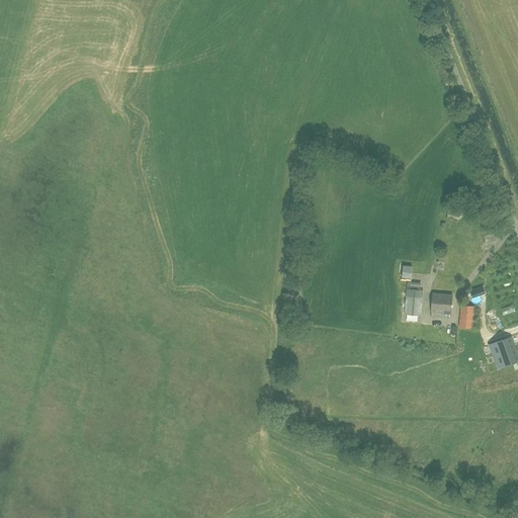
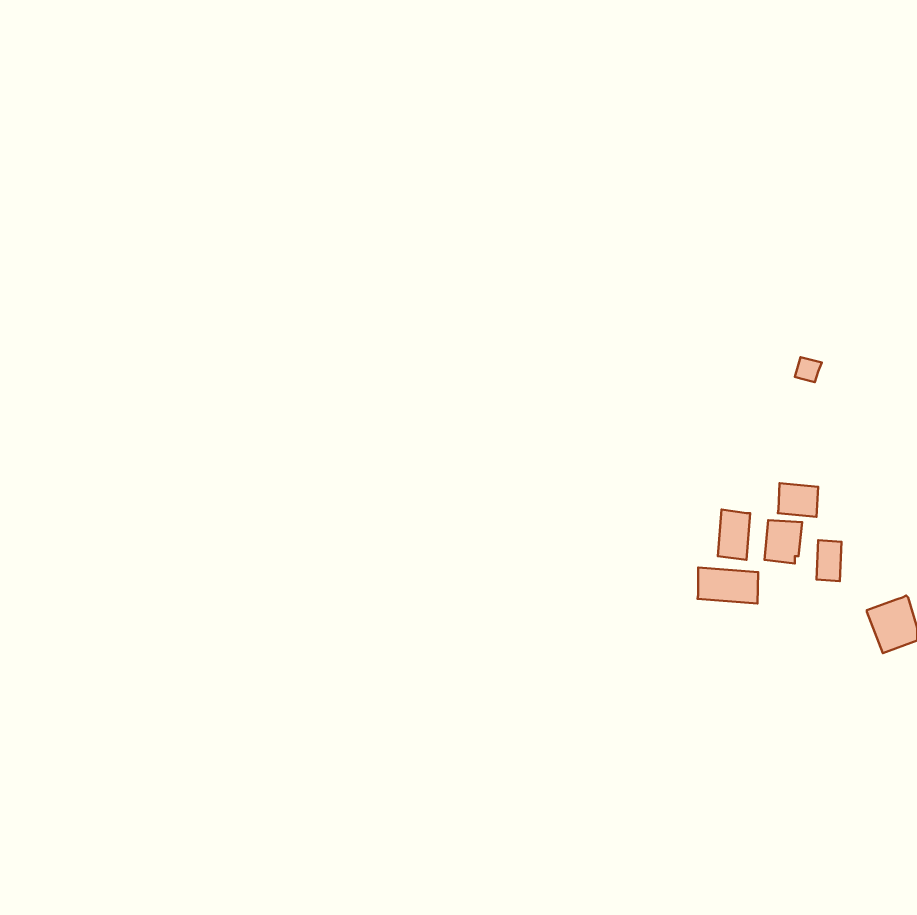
building: none -> [778,483,818,517]
building: none -> [697,568,758,603]

